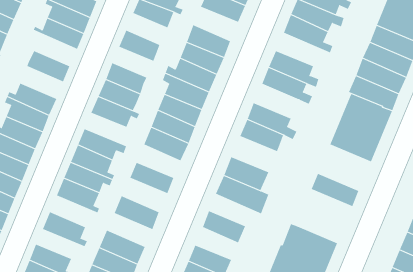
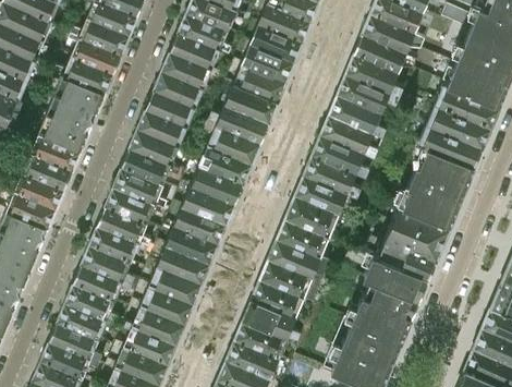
building: none -> [240,44,293,84]
building: none -> [161,51,210,88]
building: none -> [50,71,105,113]
building: none -> [337,74,401,113]
building: none -> [145,90,194,126]
building: none -> [37,113,88,152]
building: none -> [310,134,364,174]
building: none -> [112,168,164,207]
building: none -> [284,195,339,238]
building: none -> [173,205,225,244]
building: none -> [386,205,449,259]
building: none -> [156,244,210,285]
building: none -> [359,254,427,321]
building: none -> [258,263,320,303]
building: none -> [72,265,129,302]
building: none -> [138,286,193,325]
building: none -> [242,302,293,340]
building: none -> [56,304,113,339]

